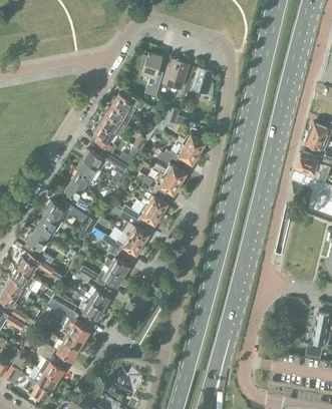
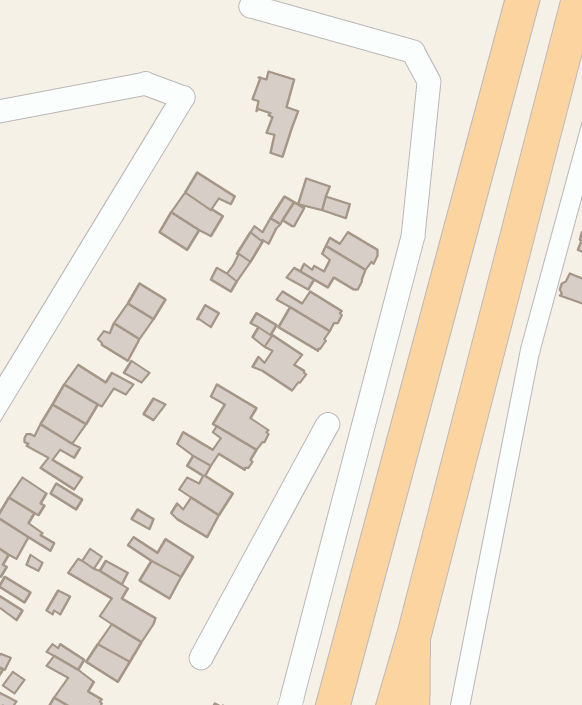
building: [162,59,189,86] -> none
building: [192,67,215,96] -> none
building: [110,93,145,115] -> none
building: [83,149,126,170] -> none
building: [122,203,160,224] -> none

